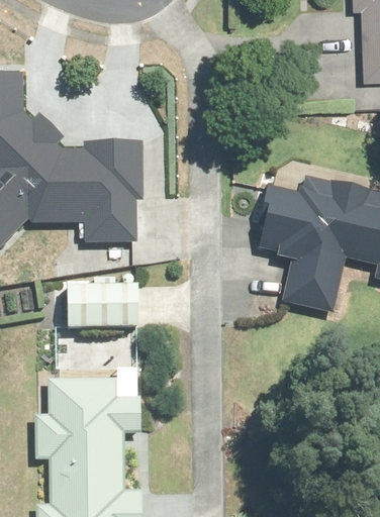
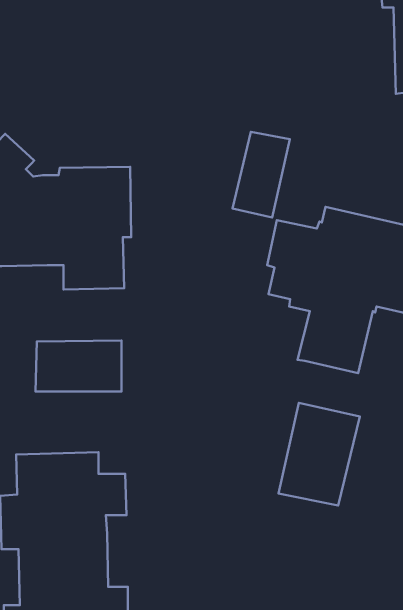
building: none -> [233,132,290,217]
building: none -> [279,403,360,505]

